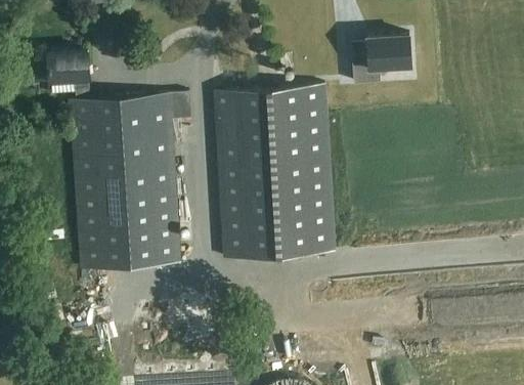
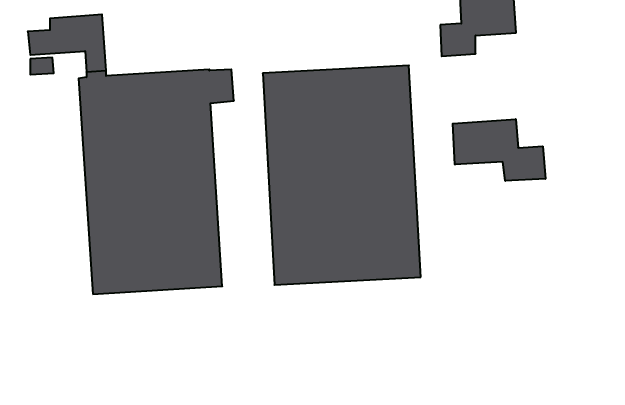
building: none -> [453,119,545,181]

